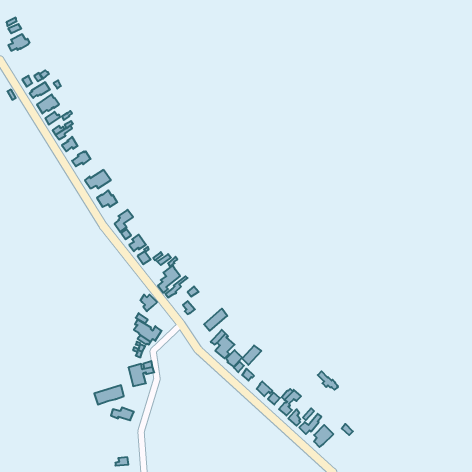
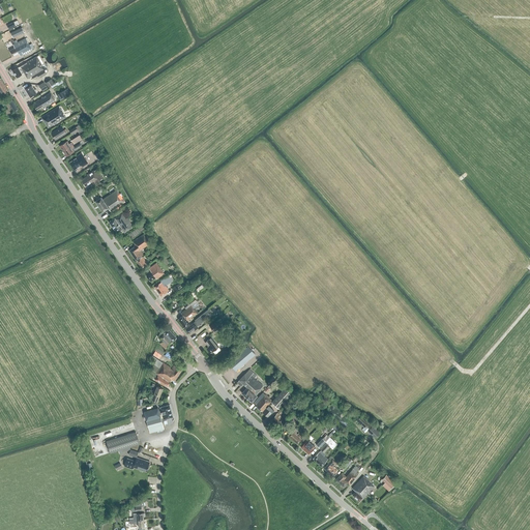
building: none -> [12,55,47,80]

